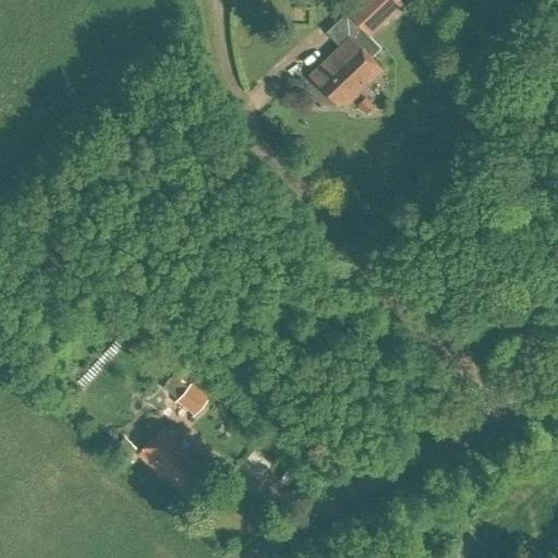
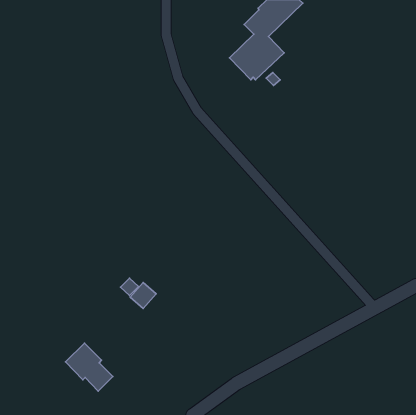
building: [136,425,199,489] -> [66,343,113,391]

